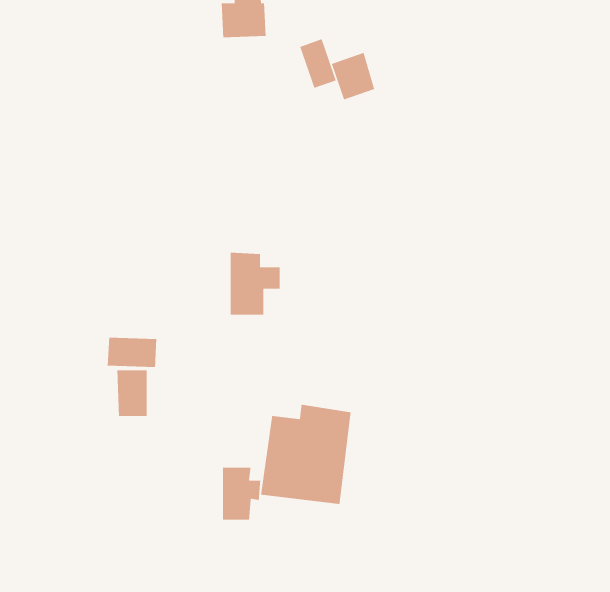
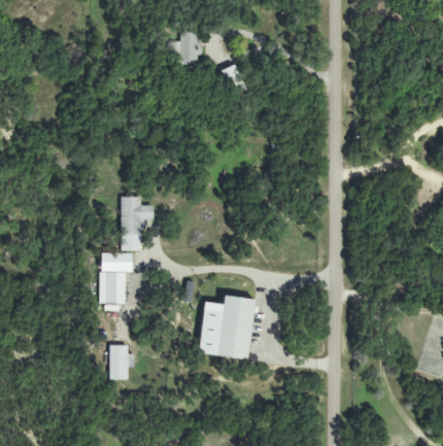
building: [331,52,375,101] -> none
building: [230,252,280,316] -> [121,196,152,236]
building: [222,467,261,521] -> [109,345,134,379]

